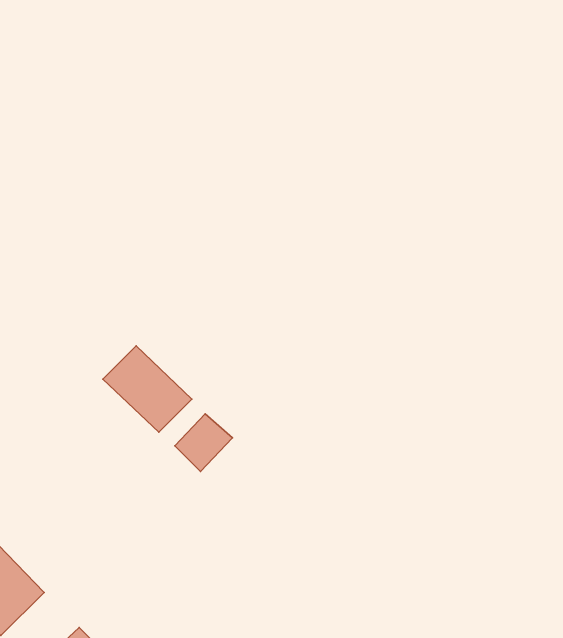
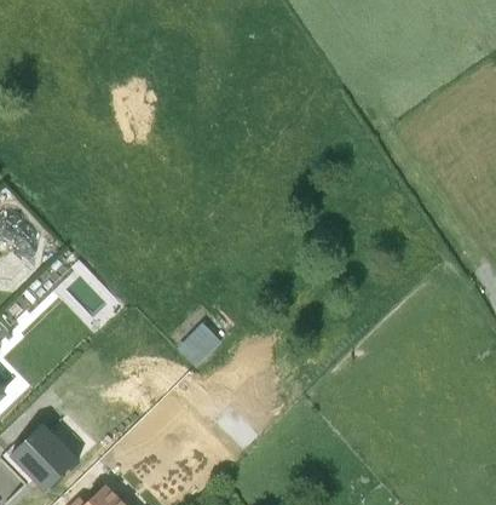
building: [103,346,192,432] -> none

